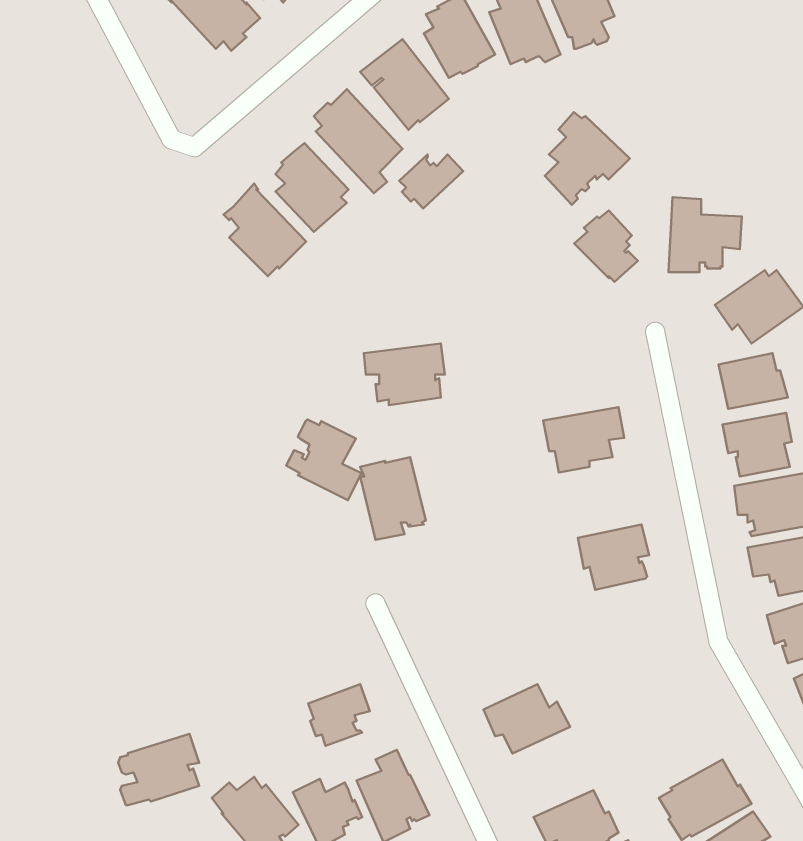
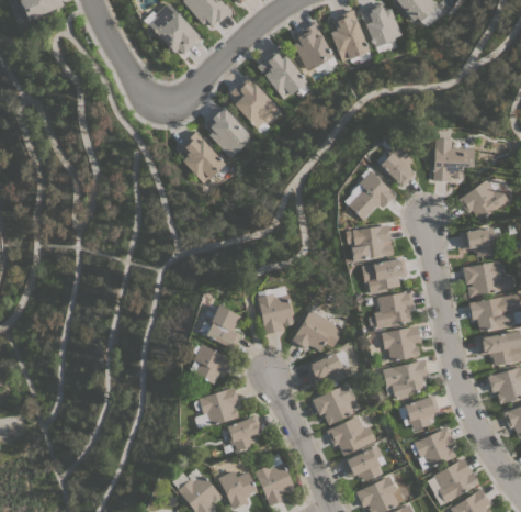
building: [545,112,630,205] -> [347,168,395,221]
building: [399,154,463,209] -> none
building: [364,344,445,405] -> [344,224,390,259]
building: [286,419,361,500] -> [199,303,241,349]
building: none -> [373,290,414,327]
building: none -> [292,310,342,352]
building: none -> [192,343,231,383]
building: none -> [306,353,346,386]
building: none -> [382,359,429,400]
building: none -> [312,383,354,425]
building: none -> [398,394,440,430]
building: none -> [410,426,456,469]
building: [118,734,199,805] -> [193,387,239,427]
building: none -> [342,446,383,481]

